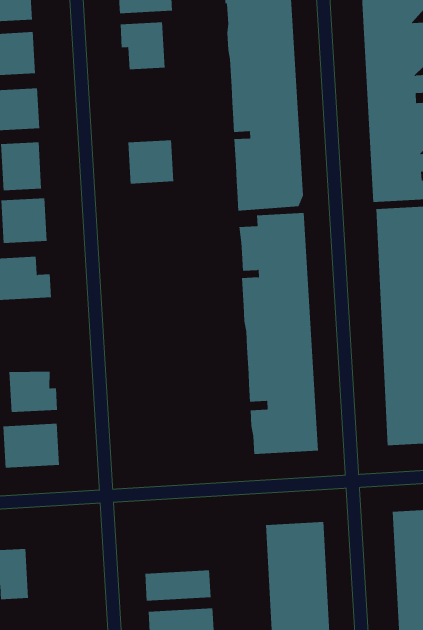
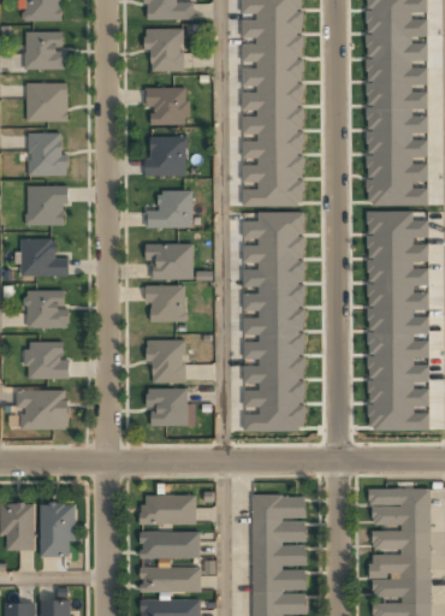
building: none -> [146,88,188,125]
building: none -> [144,191,192,229]
building: none -> [147,244,194,279]
building: none -> [147,286,185,322]
building: none -> [26,291,66,328]
building: none -> [149,340,185,381]
building: none -> [148,389,188,426]
building: none -> [141,496,196,525]
building: none -> [41,504,76,556]

